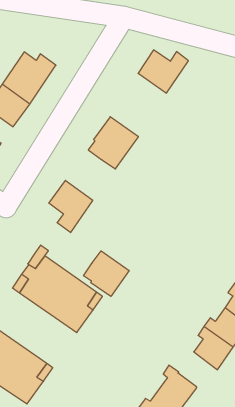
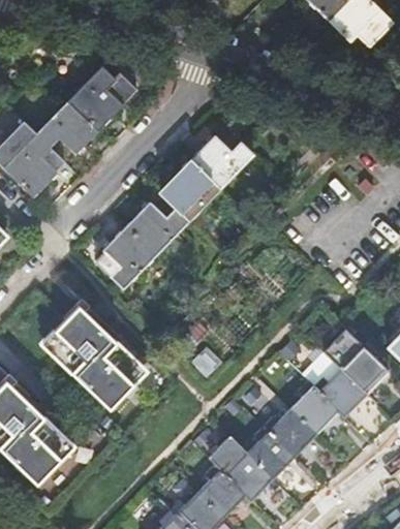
building: [138,50,188,93] -> [190,134,252,188]
building: none -> [125,201,187,255]
building: [84,251,129,296] -> none
building: none -> [207,437,271,500]

